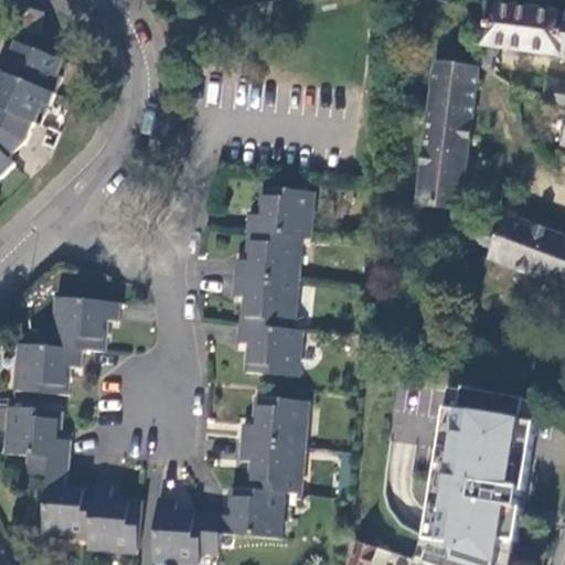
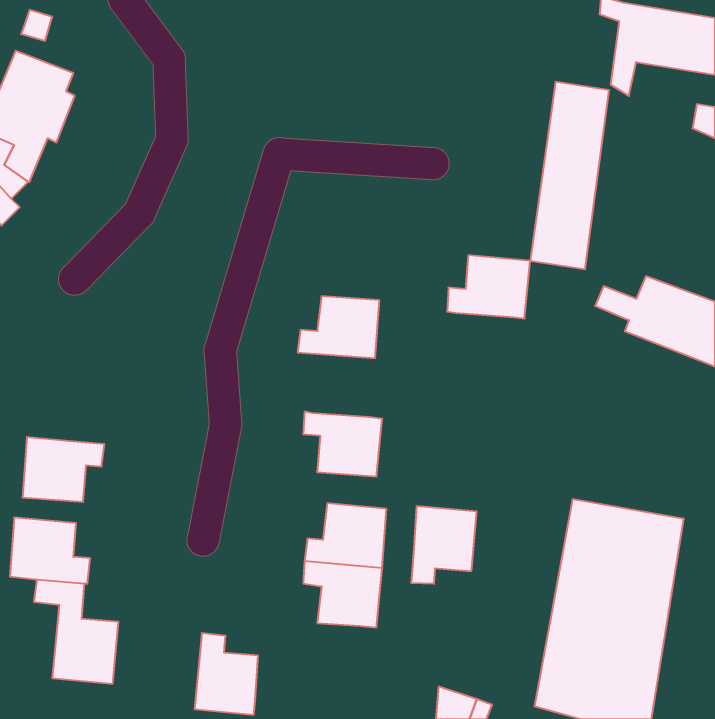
building: [245,186,310,236] -> [447,255,530,319]
building: [231,276,294,327] -> none
building: [54,297,118,350] -> none
building: none -> [411,506,477,584]
building: [87,483,140,548] -> none
building: [200,486,281,551] -> none

